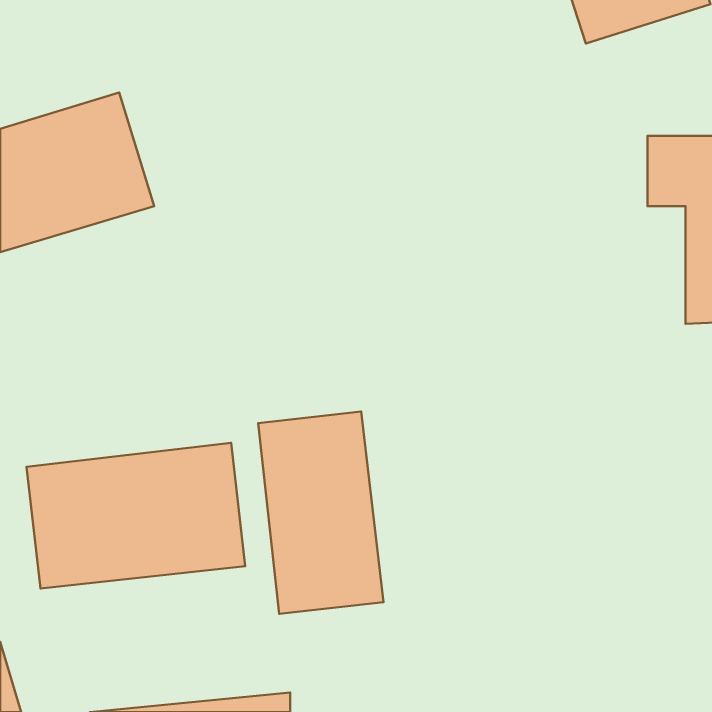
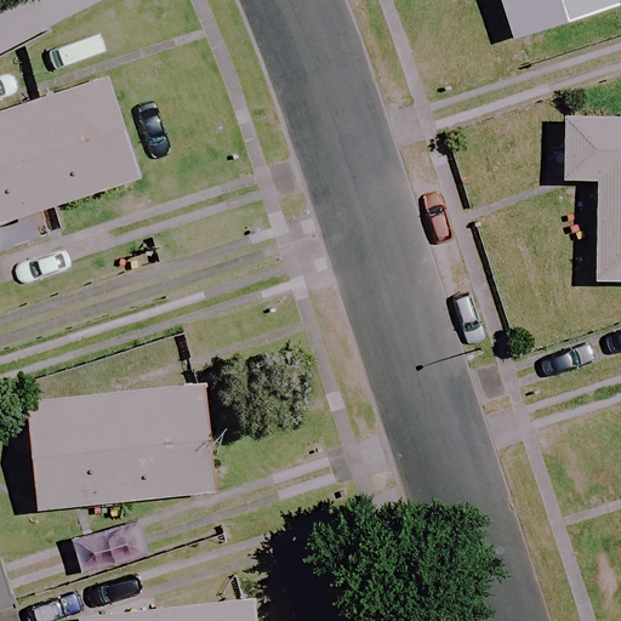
building: [258,412,383,614] -> none

